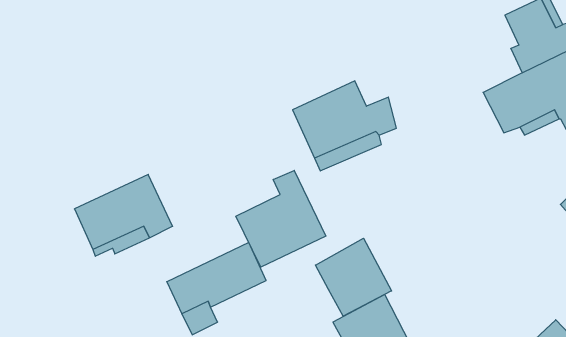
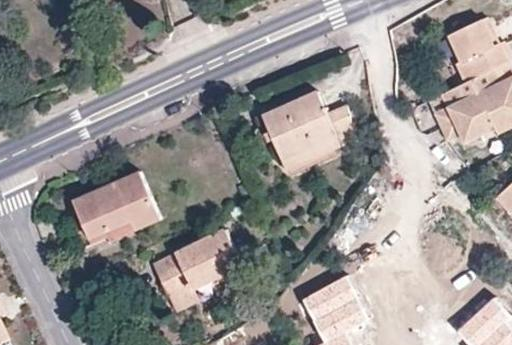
building: [236,170,326,267] -> none
building: [315,238,392,316] -> none

